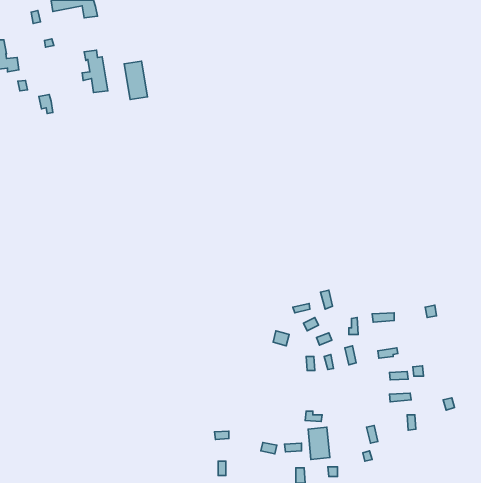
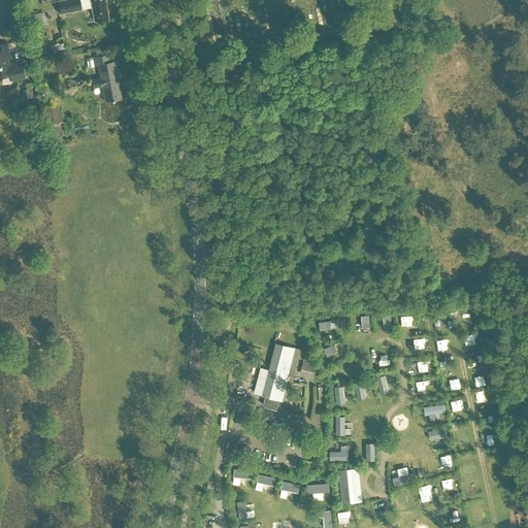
building: [124,61,147,100] -> none
building: none -> [261,343,299,409]

